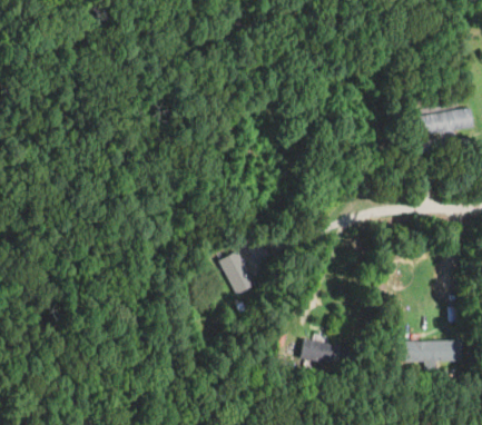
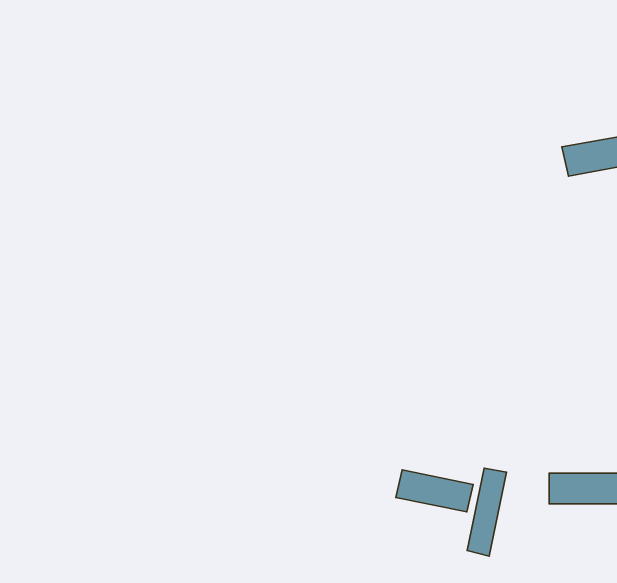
building: [217,251,253,294] -> none
building: none -> [467,468,506,556]

